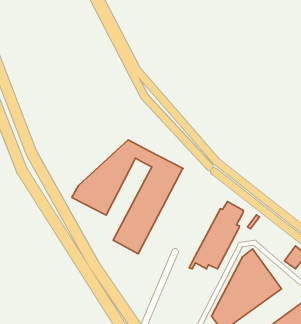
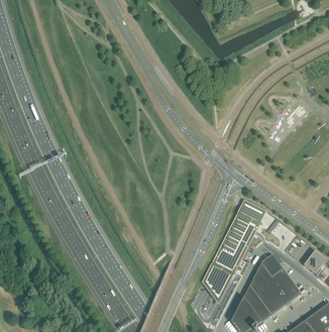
building: [72,140,183,254] -> none

